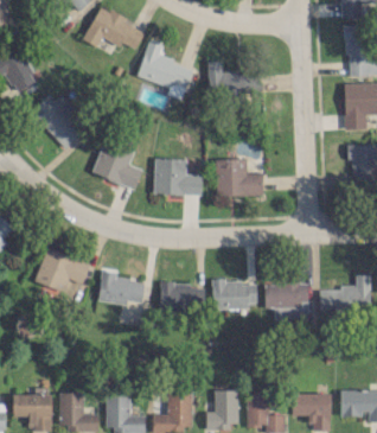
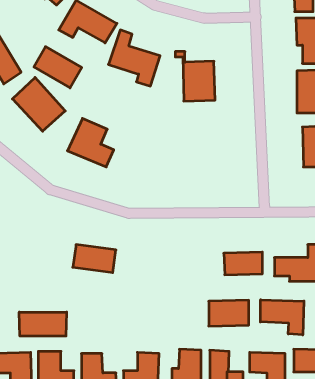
building: none -> [34,47,82,88]
building: [153,158,202,195] -> none
building: [215,158,264,196] -> none
building: [34,248,89,291] -> none
building: [212,280,256,308] -> [209,300,249,326]
building: [160,282,202,312] -> none
building: none -> [260,300,304,335]
building: none -> [19,312,67,336]

